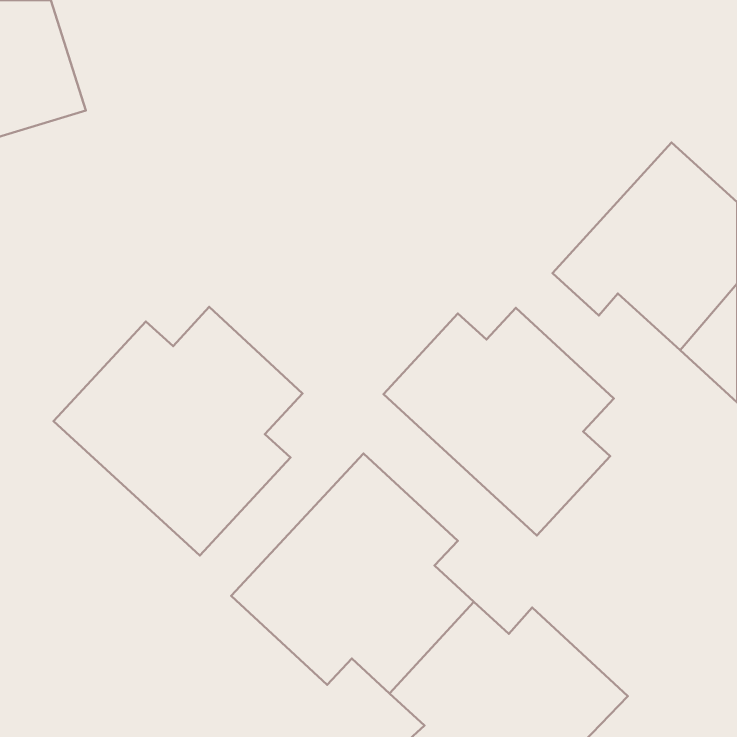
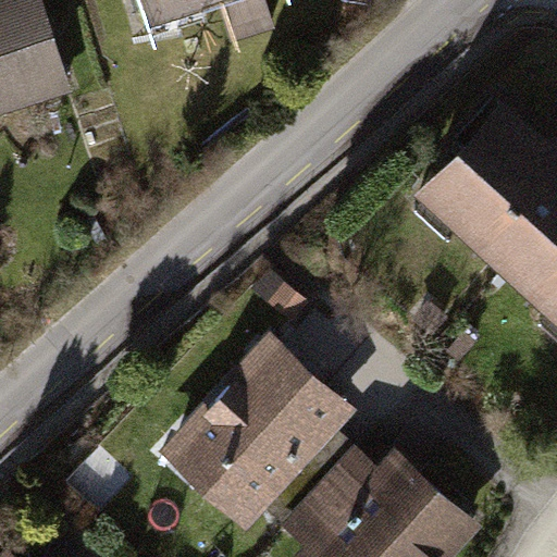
building: [54,307,303,556] -> none
building: [383,308,614,535] -> none

